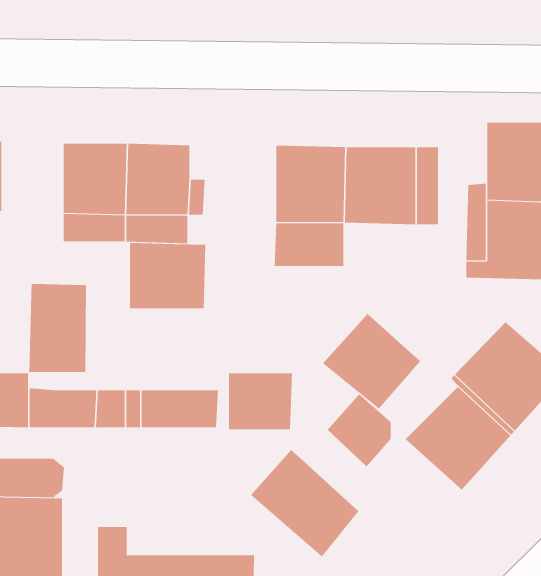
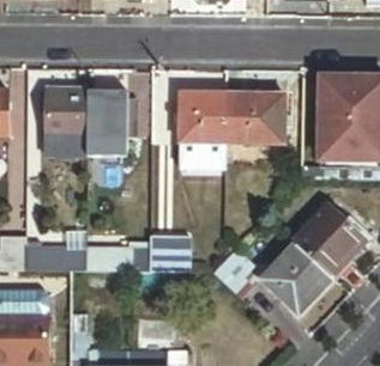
building: [130,242,206,309] -> none
building: [29,283,87,373] -> none
building: [322,313,421,410] -> none
building: [250,449,359,557] -> none

